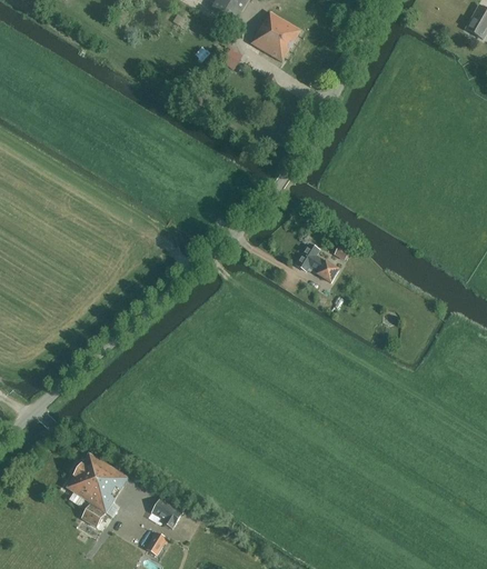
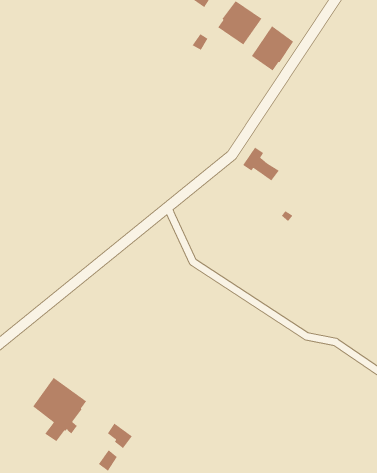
building: none -> [251,25,294,72]
building: [296,242,339,281] -> [242,146,280,182]

